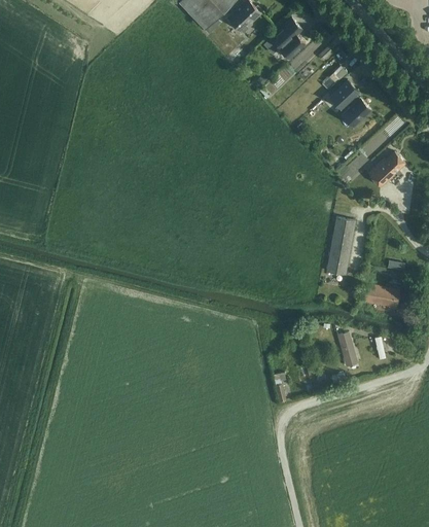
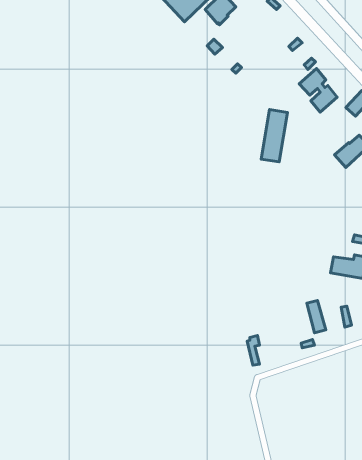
building: [271,17,306,60] -> none
building: [328,218,357,275] -> [261,110,288,162]

